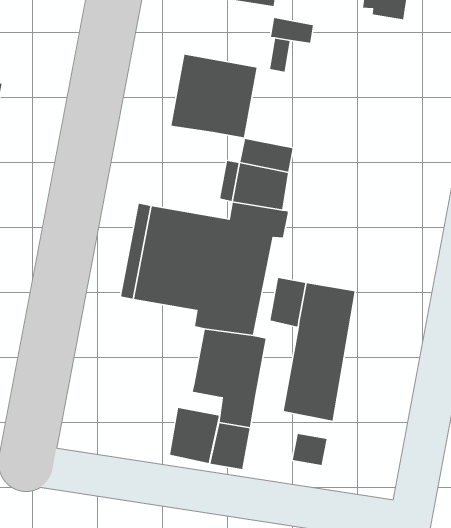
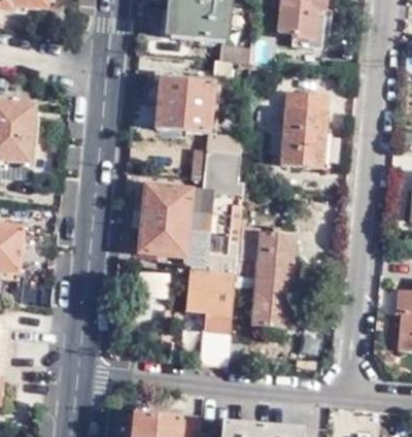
building: none -> [281,91,328,166]
building: [169,407,220,464] -> none

